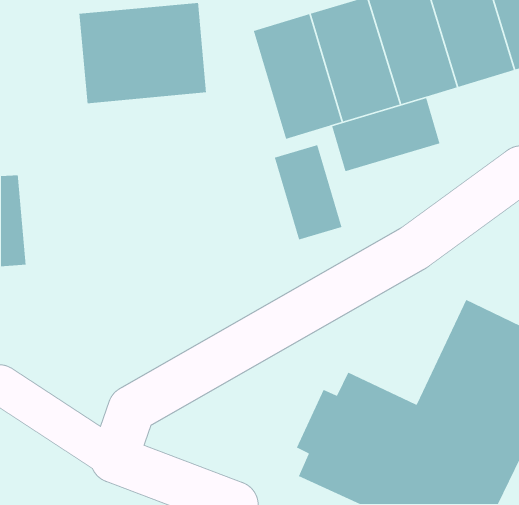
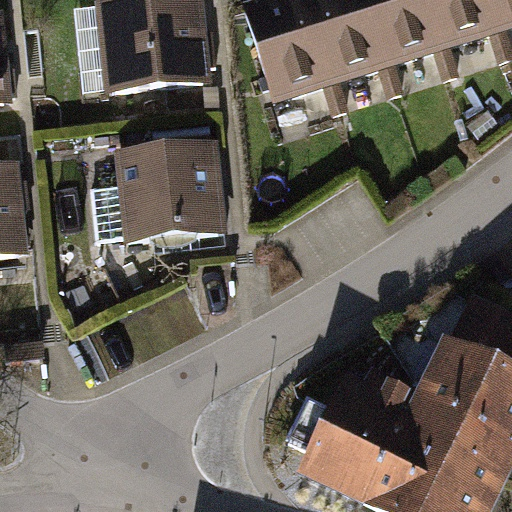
building: [331,97,440,172] -> none
building: [274,144,343,240] -> none
building: none -> [100,154,226,253]

